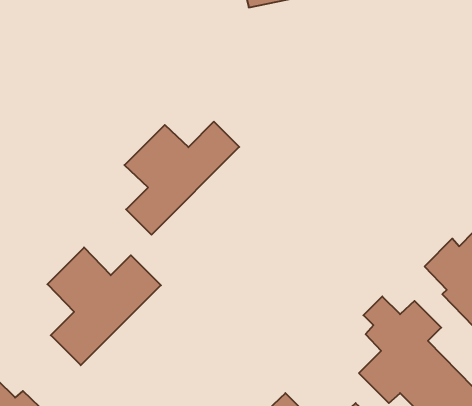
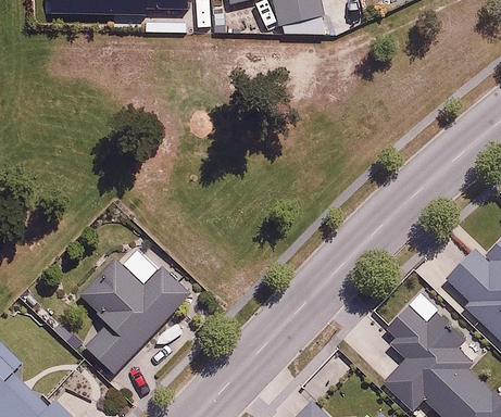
building: [124,122,239,235] -> none

